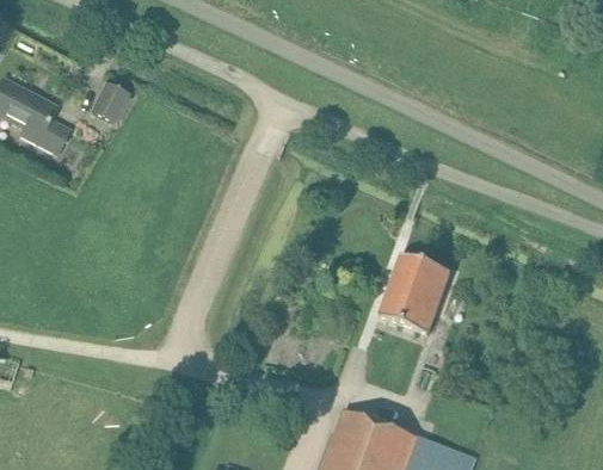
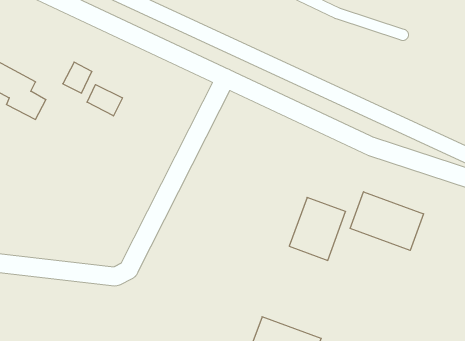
building: none -> [87,85,122,116]
building: none -> [350,192,424,250]

